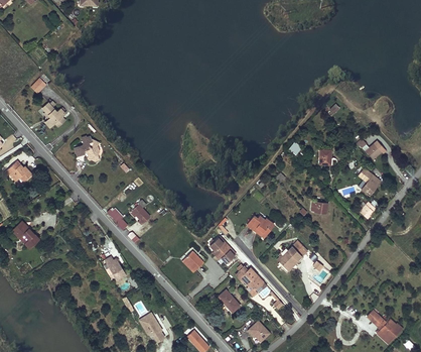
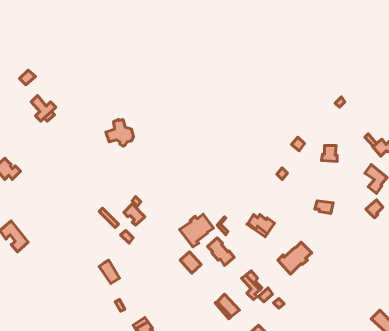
building: [74,134,100,159] -> [106,120,134,146]
building: none -> [179,214,213,247]

